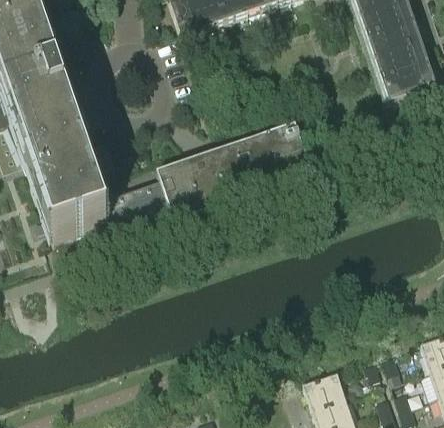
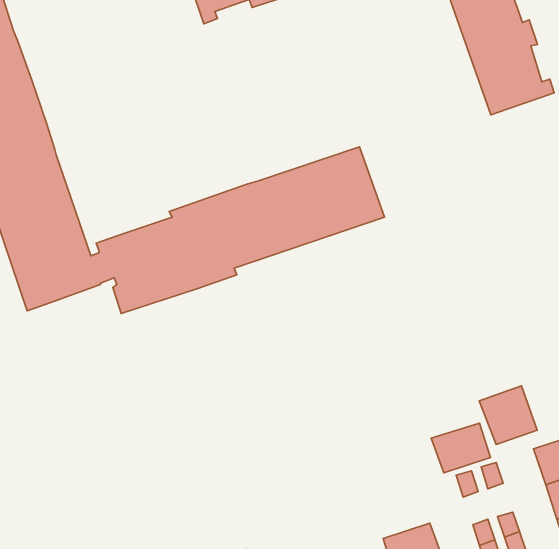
building: none -> [479,386,537,444]
building: [302,373,345,409] -> [431,423,491,473]

